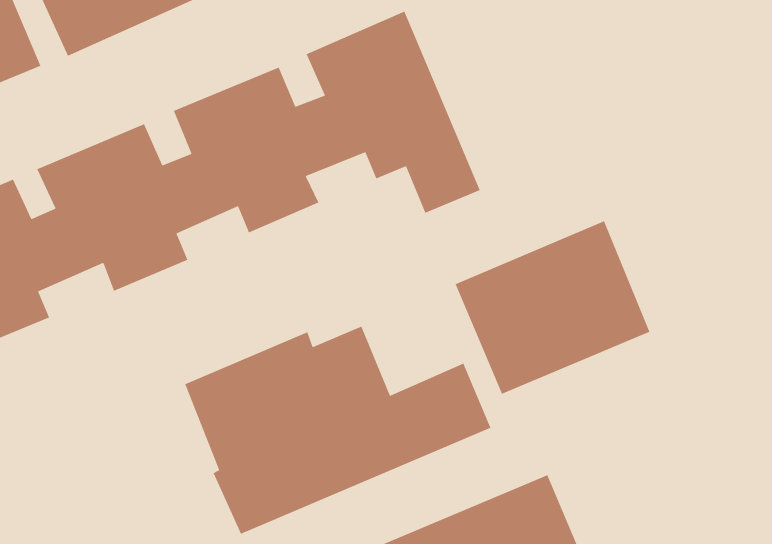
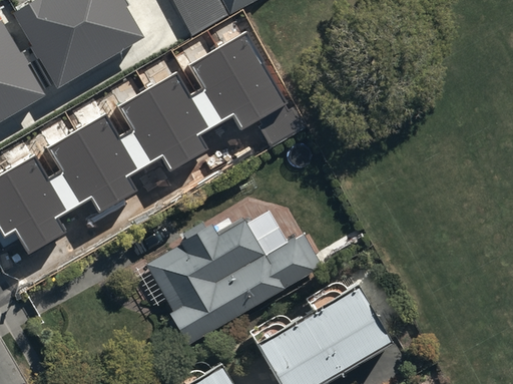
building: [455,220,651,395] -> none

